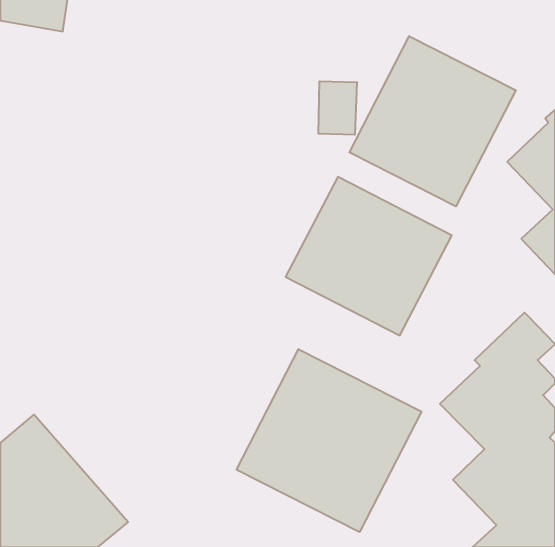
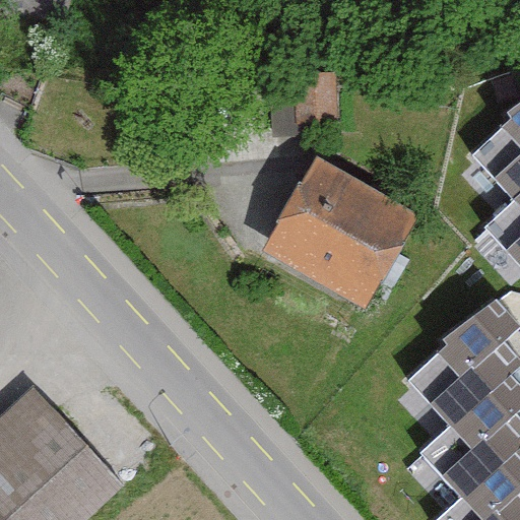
building: [349,36,516,206] -> none
building: [237,349,421,532] -> none

